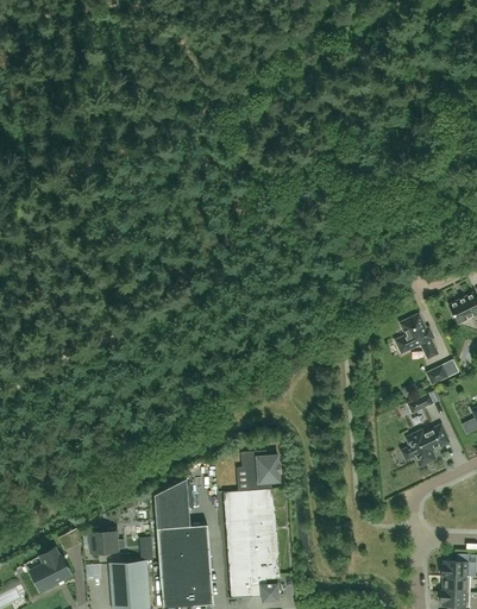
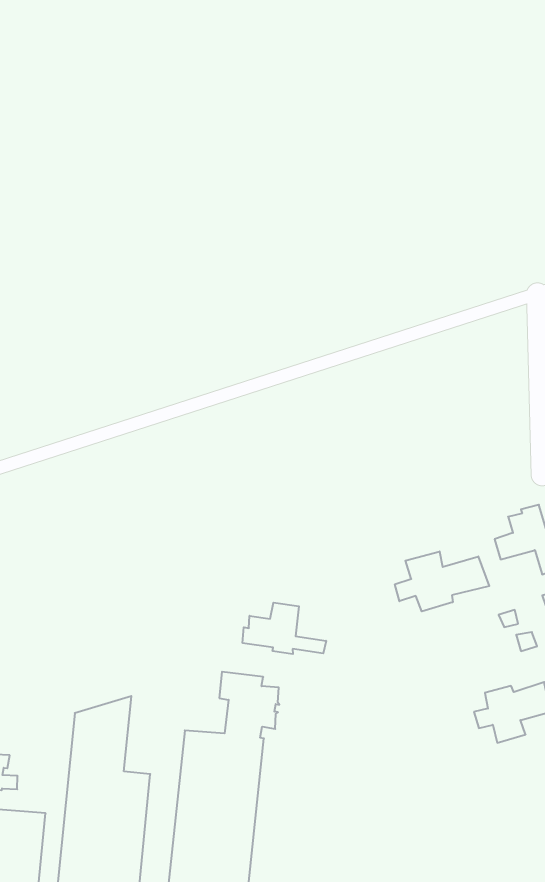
building: none -> [395,551,489,611]
building: none -> [243,603,326,654]

